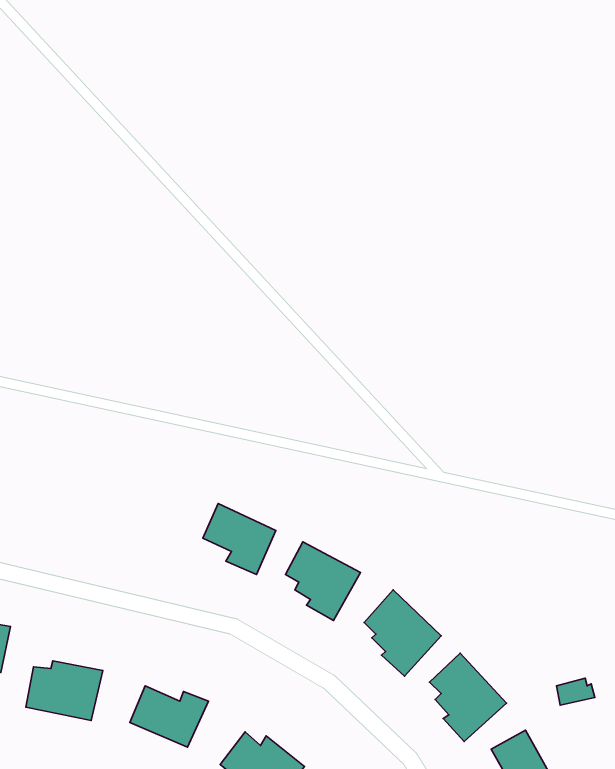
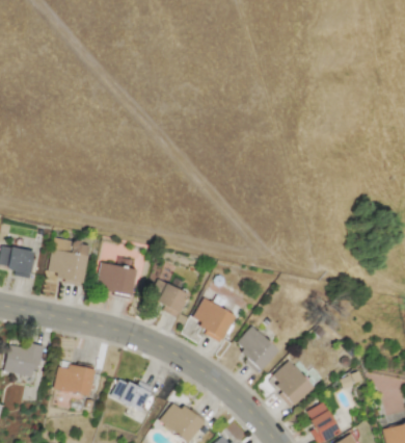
building: none -> [48,237,90,284]
building: none -> [97,262,137,299]

